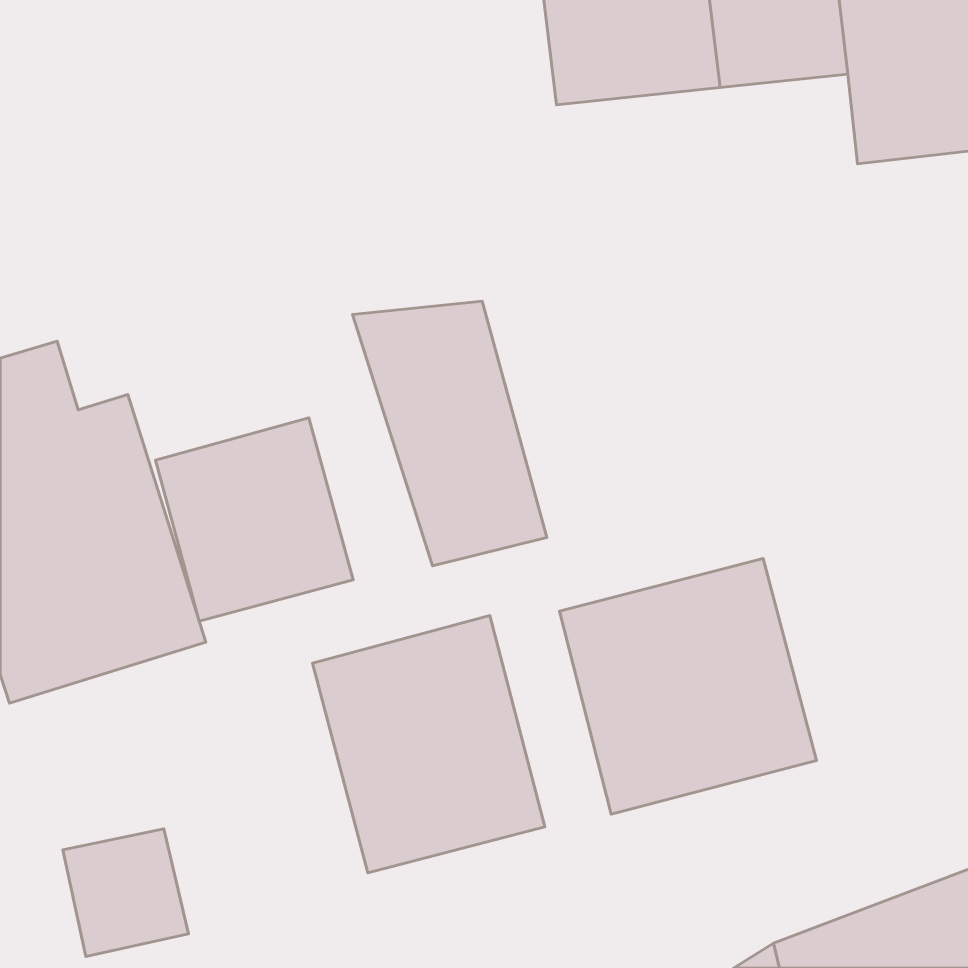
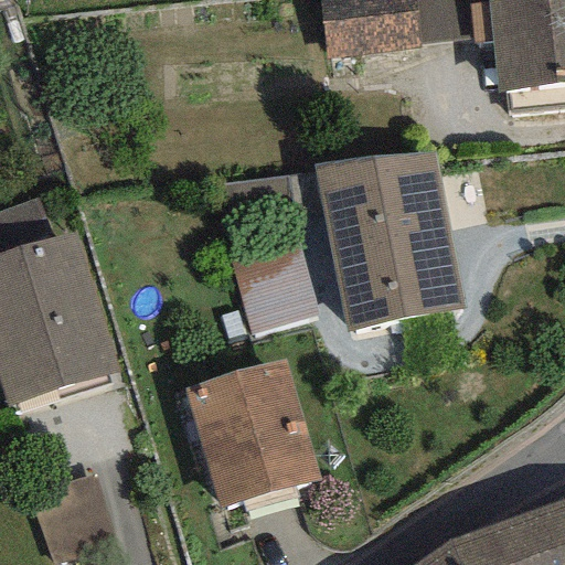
building: none -> [311,149,461,330]
building: [155,418,353,621] -> none
building: [559,558,816,814] -> none

